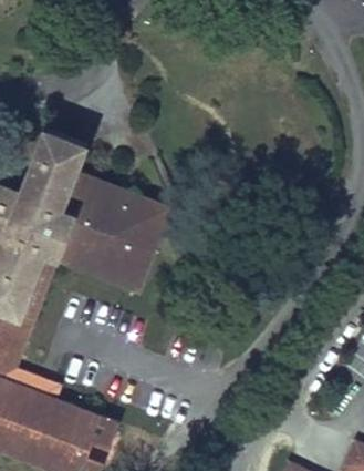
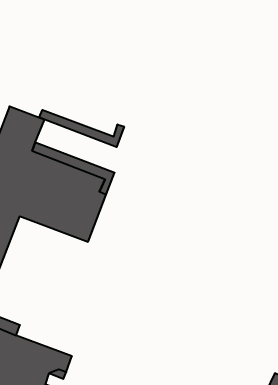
building: none -> [39,110,124,147]

